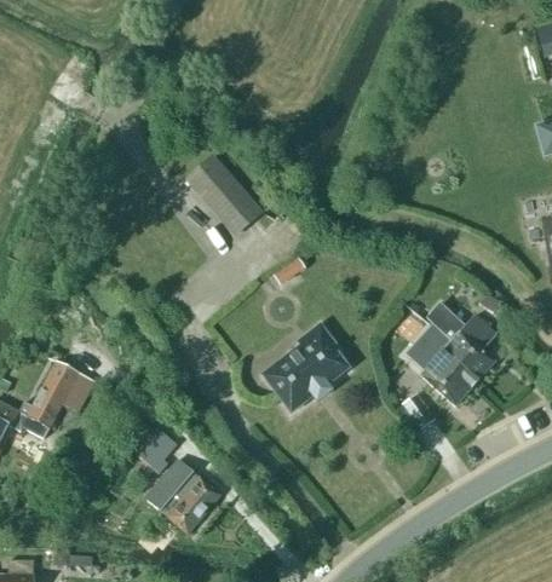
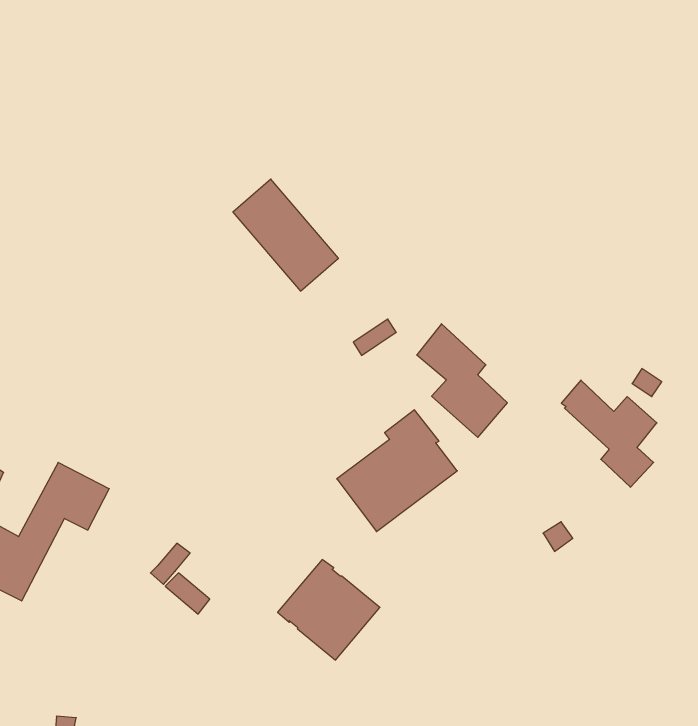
building: [409,321,476,404] -> [417,324,507,437]
building: [144,457,219,531] -> [278,560,380,660]

